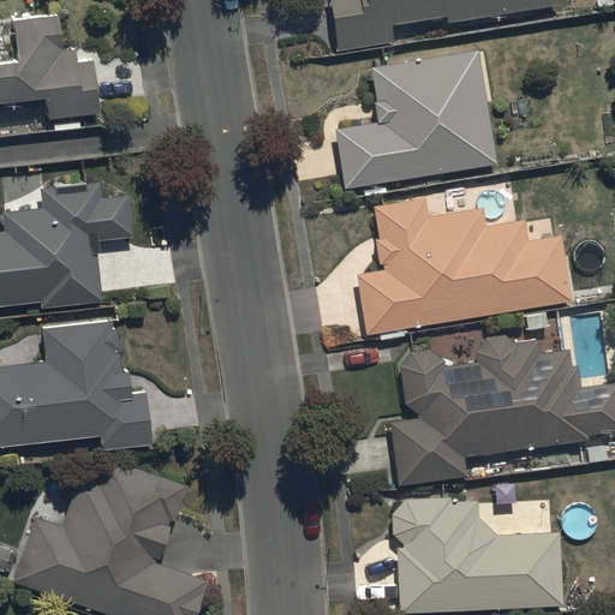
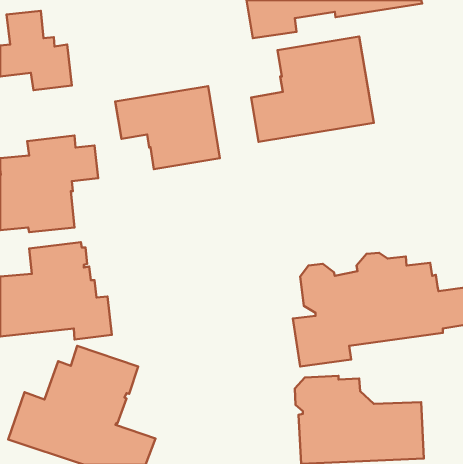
building: none -> [115,86,220,169]
building: [357,197,569,333] -> none

